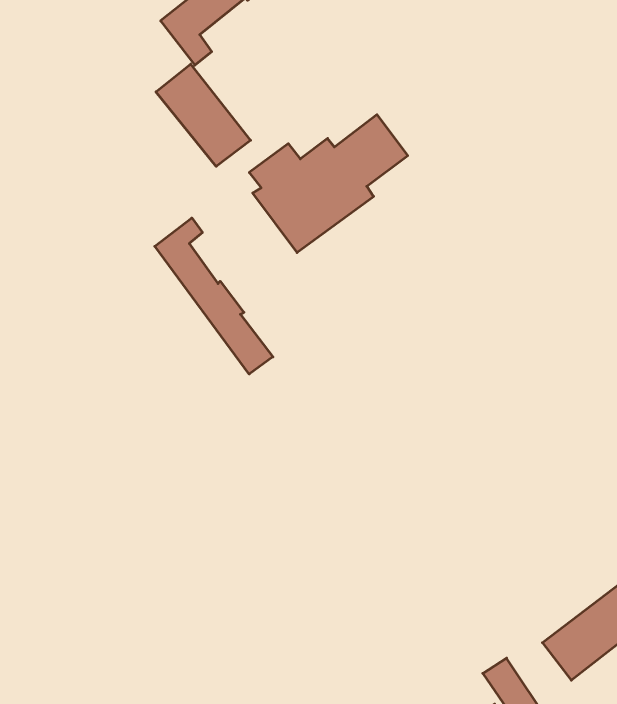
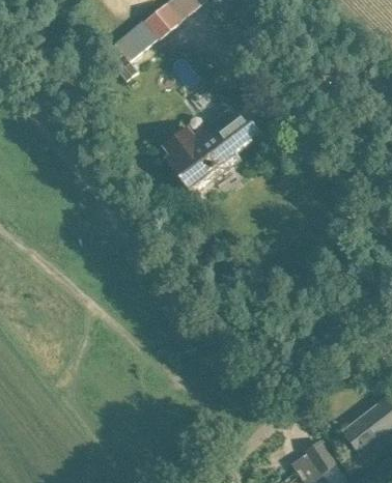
building: [156,64,251,166] -> none
building: [155,218,273,374] -> none

